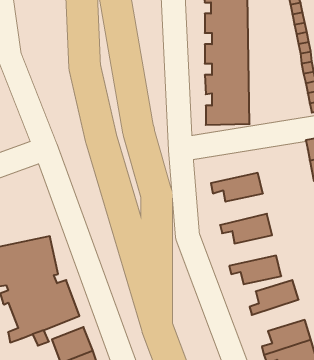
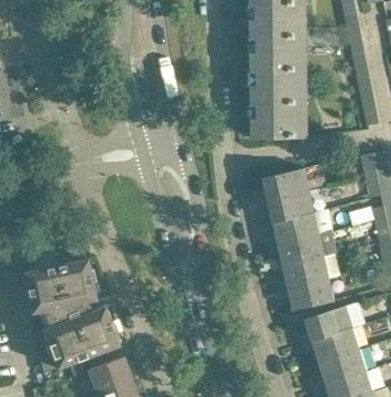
building: none -> [257,168,310,201]
building: none -> [267,212,320,246]
building: none -> [277,257,329,290]
building: none -> [303,327,360,361]

